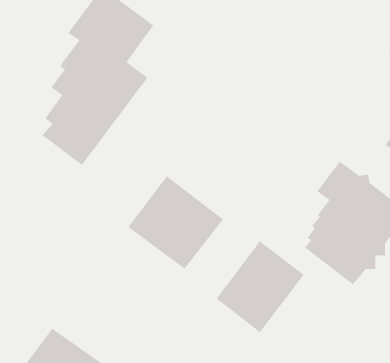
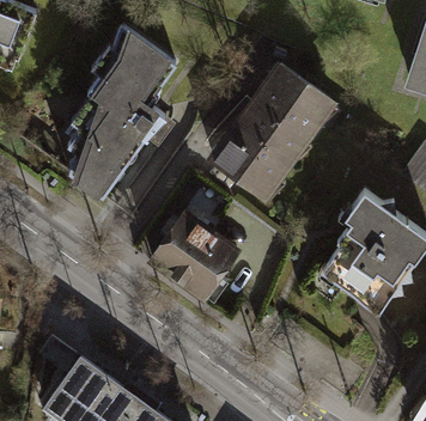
building: none -> [209,67,339,203]
building: [216,240,305,333] -> none

